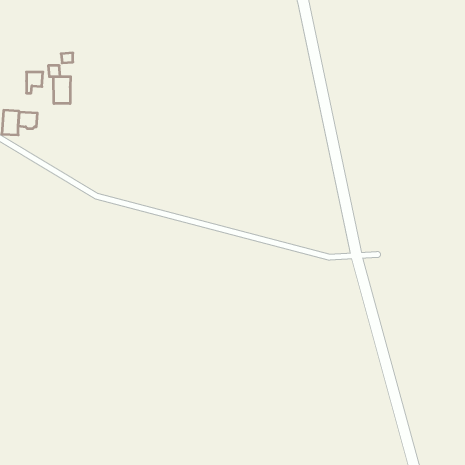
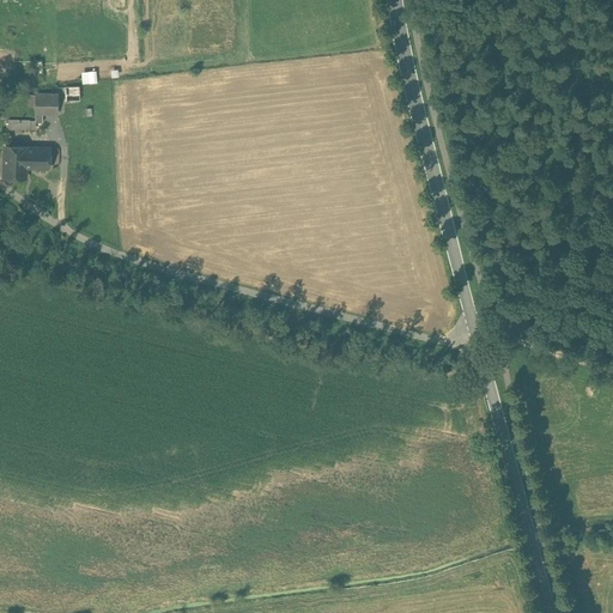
building: [53,77,71,104] -> none

